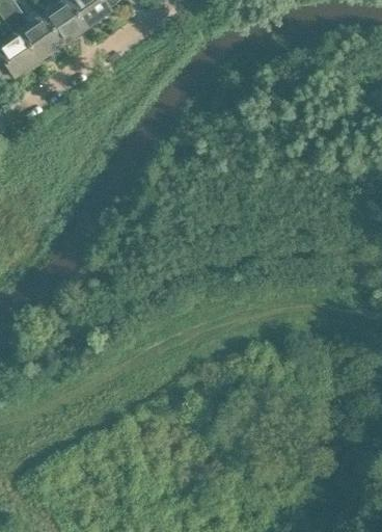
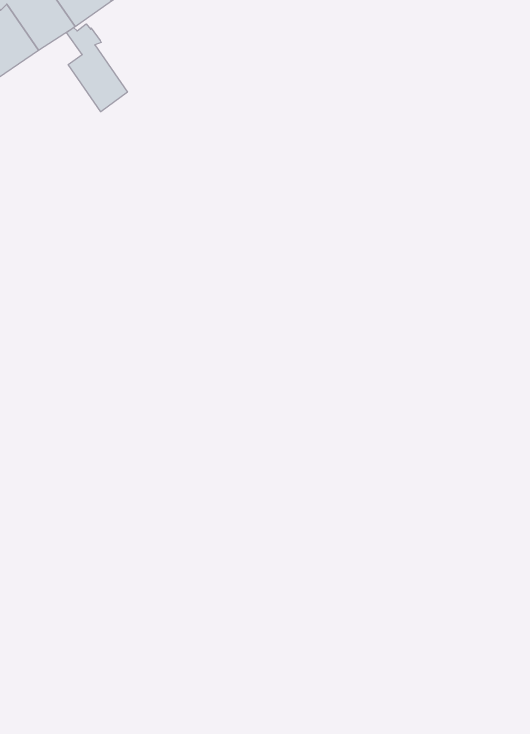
building: none -> [66,24,127,112]

